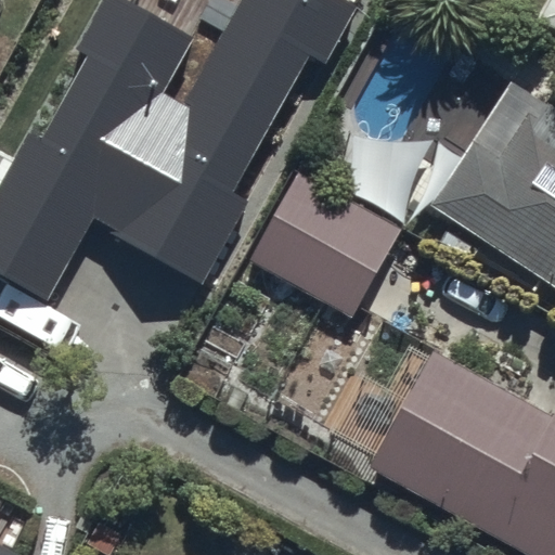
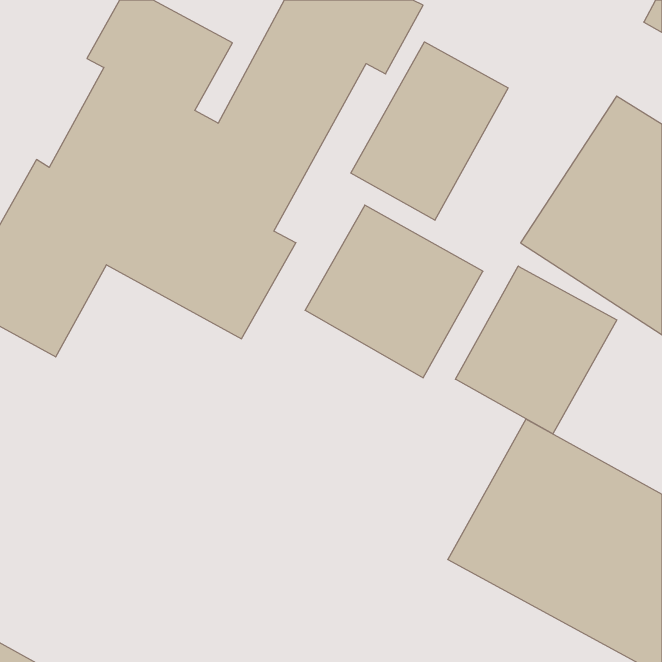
building: none -> [351,42,508,220]
building: none -> [455,266,617,434]

